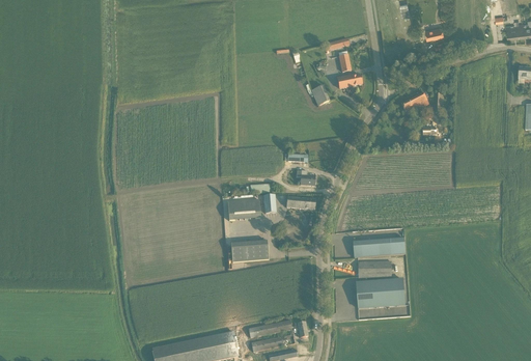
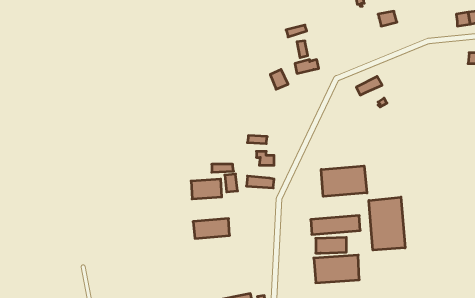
building: none -> [321,166,367,196]
building: none -> [369,197,405,250]

